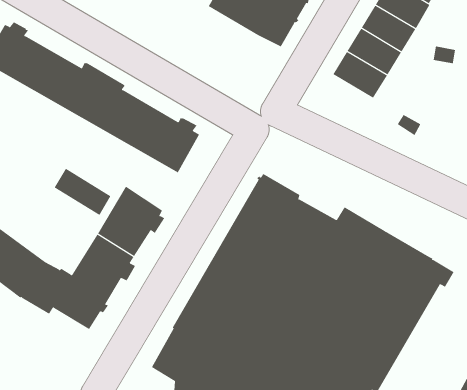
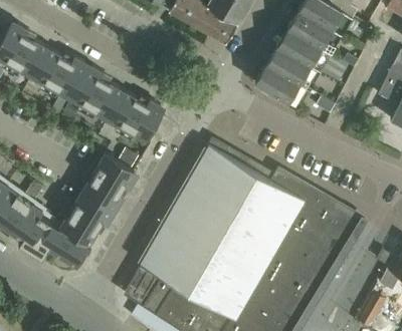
building: none -> [256,64,299,101]
building: [54,168,111,216] -> none

